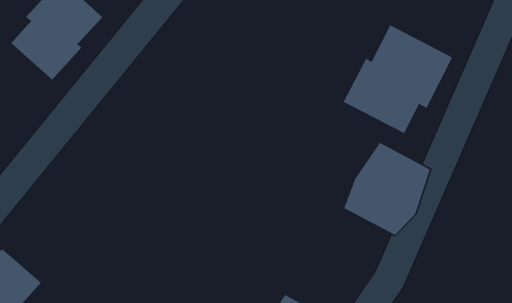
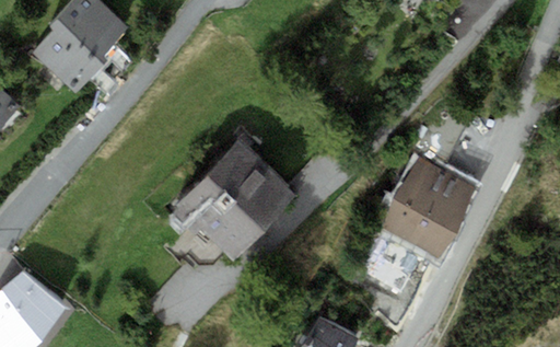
building: [343,24,453,134] -> none
building: none -> [176,139,296,259]

